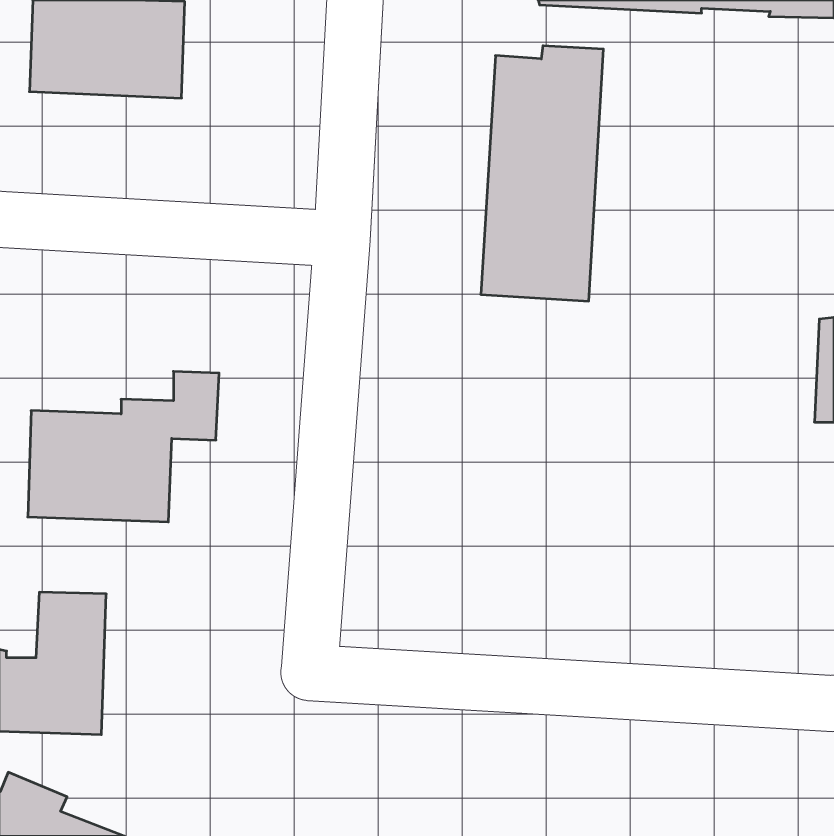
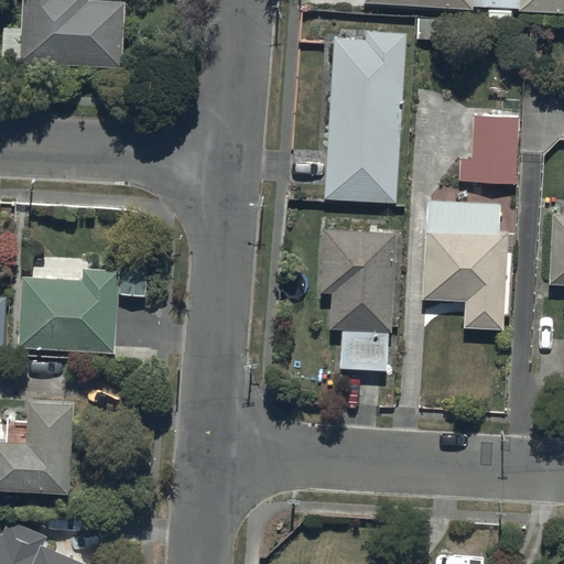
building: none -> [458,116,517,183]
building: none -> [422,200,508,330]
building: none -> [322,230,395,370]

